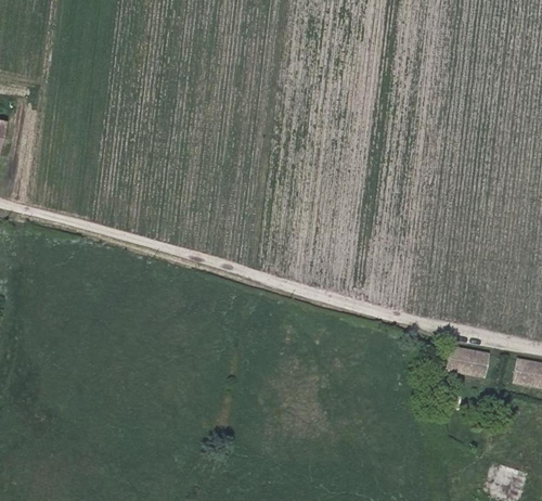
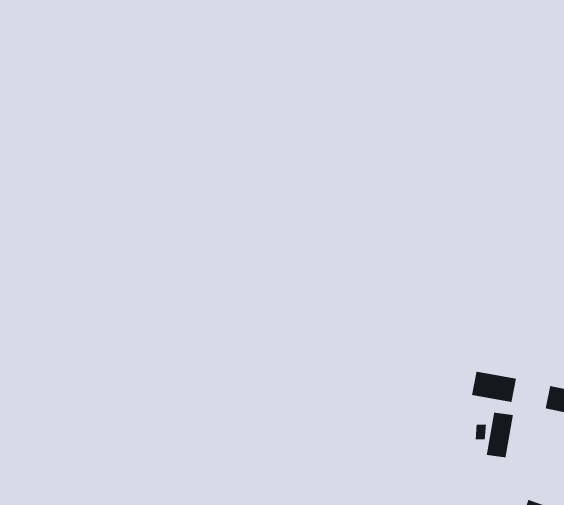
building: none -> [486,412,514,458]

